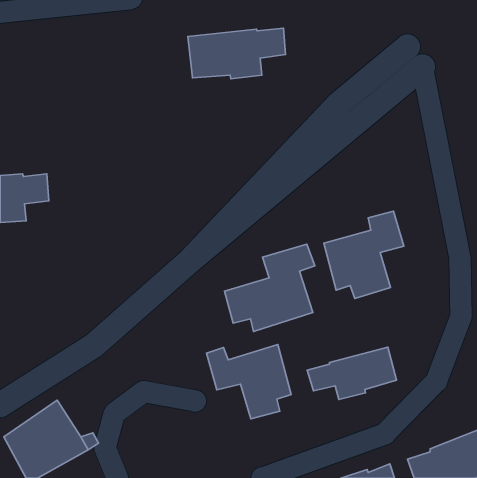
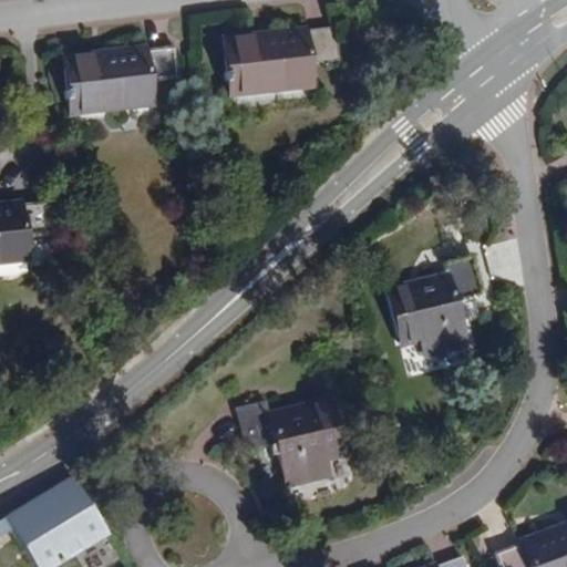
building: none -> [61,56,174,115]
building: [224,244,315,331] -> none
building: [307,347,397,399] -> none

